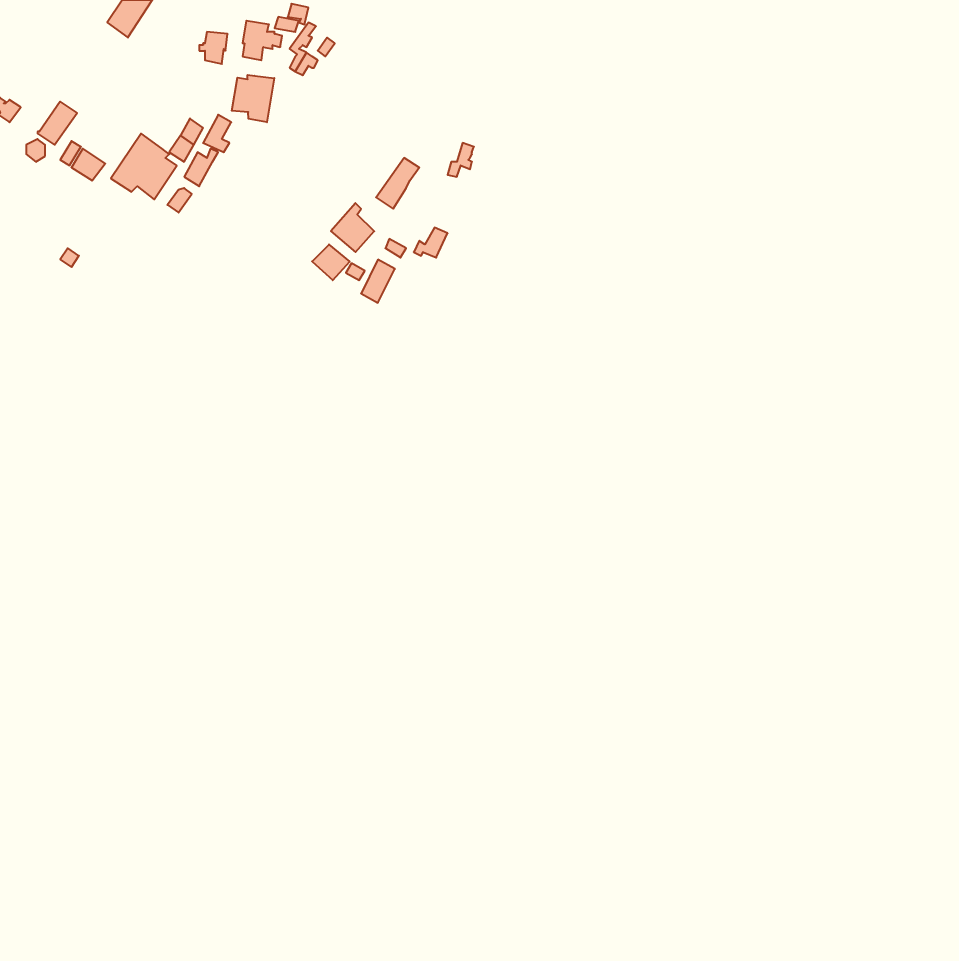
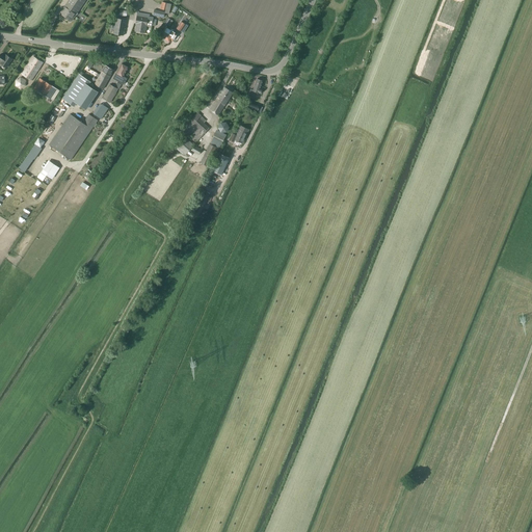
building: [232,75,274,122] -> none
building: none -> [48,113,98,160]

